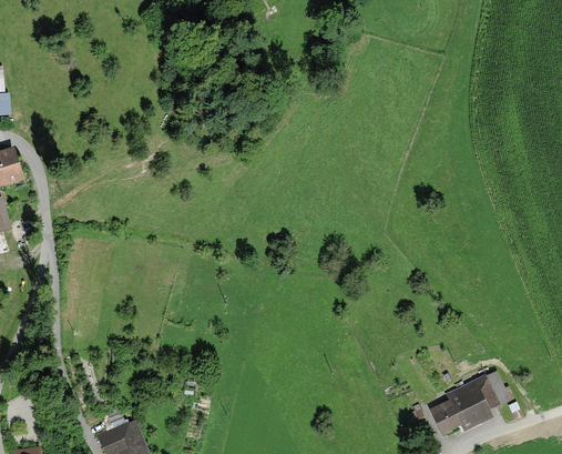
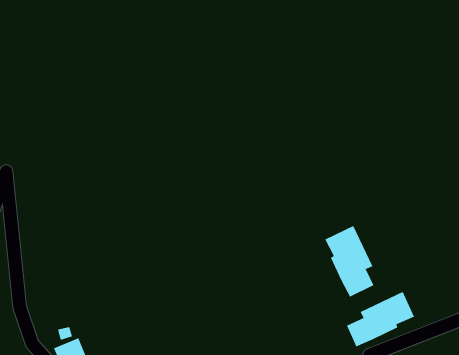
building: none -> [325,225,374,297]

